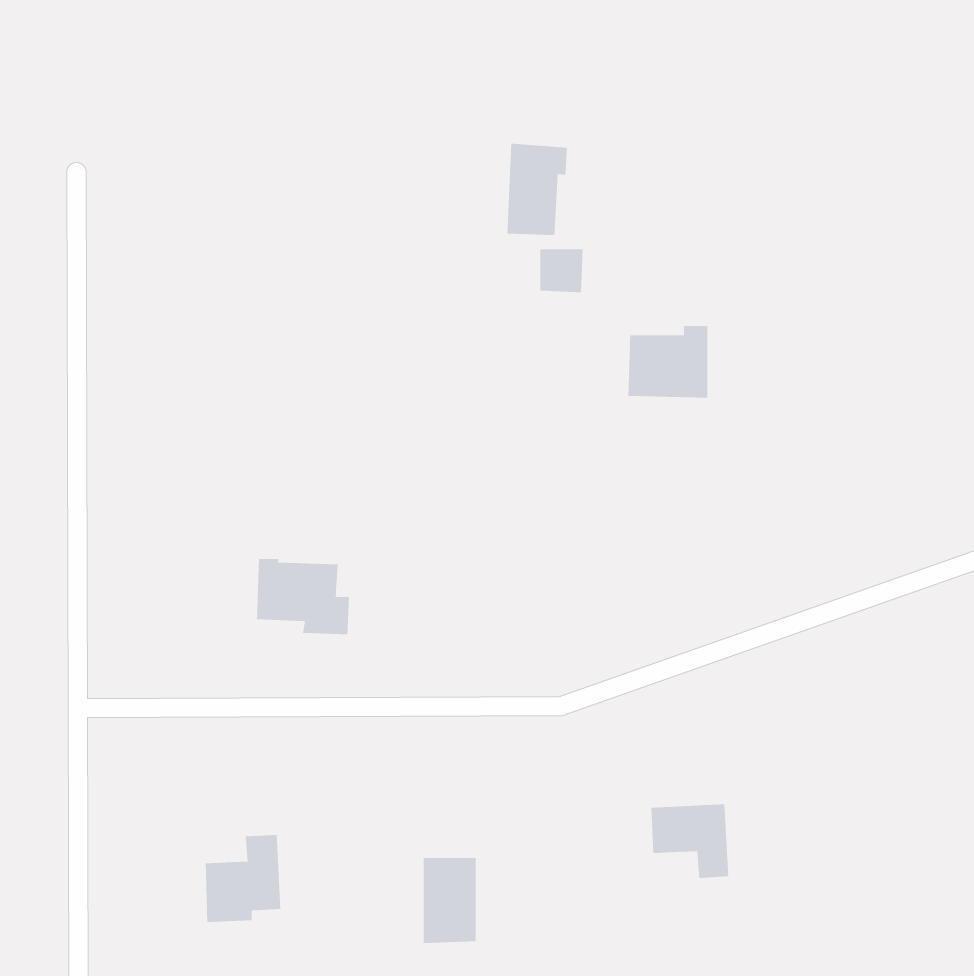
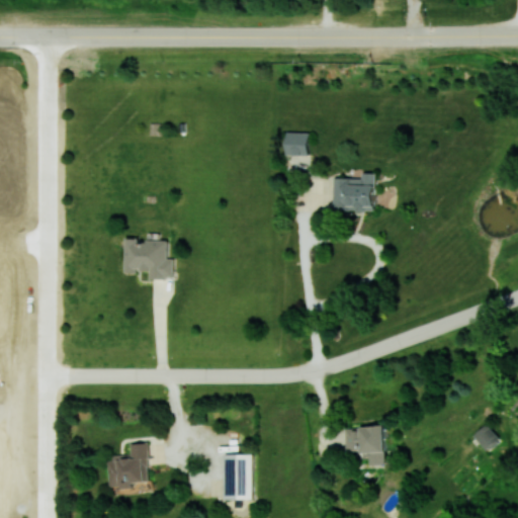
building: [507,143,567,236] -> none
building: [256,558,350,635] -> [123,239,173,279]
building: none -> [471,424,499,451]

